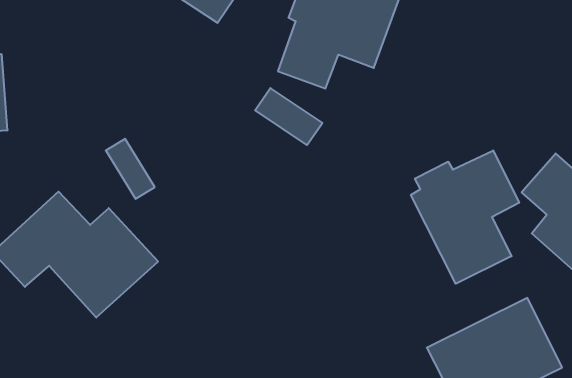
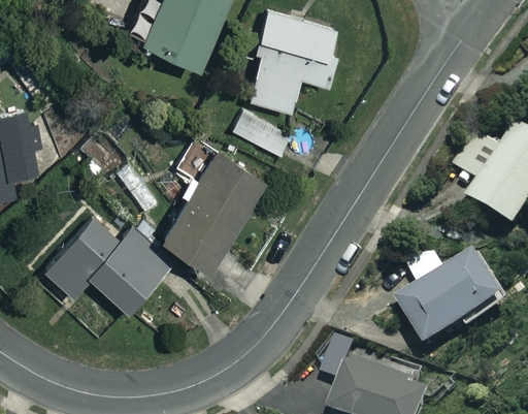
building: none -> [160,138,268,267]
building: [411,150,519,284] -> none

